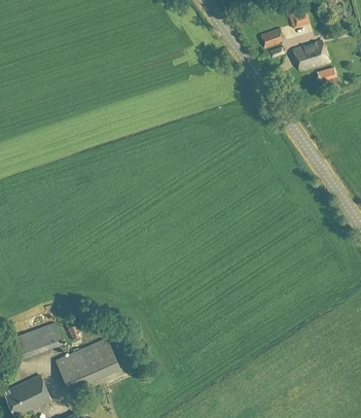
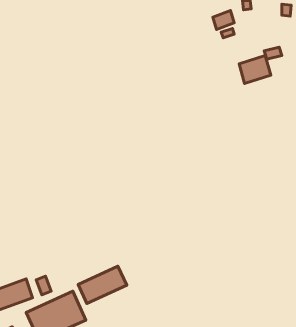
building: [293,40,328,71] -> [239,55,271,84]
building: none -> [78,266,127,303]

